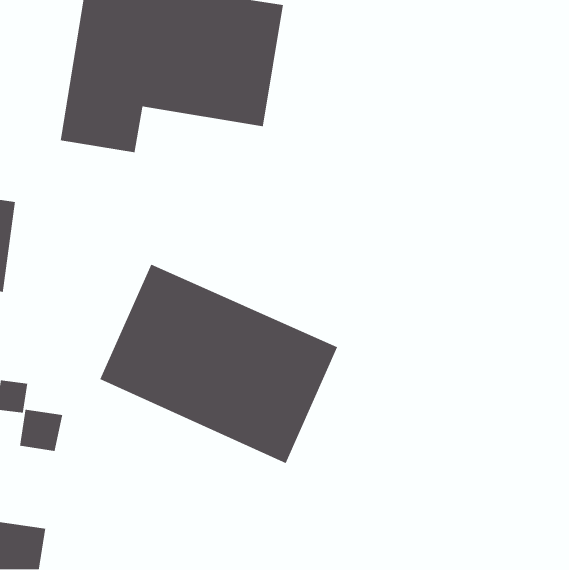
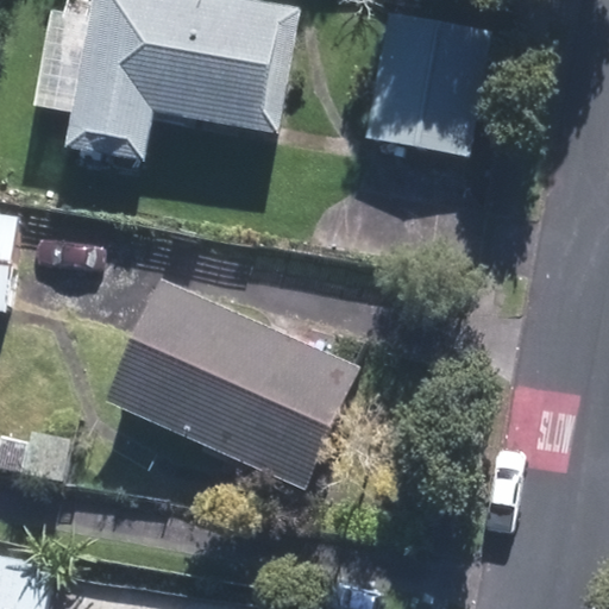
building: none -> [360,10,488,153]

